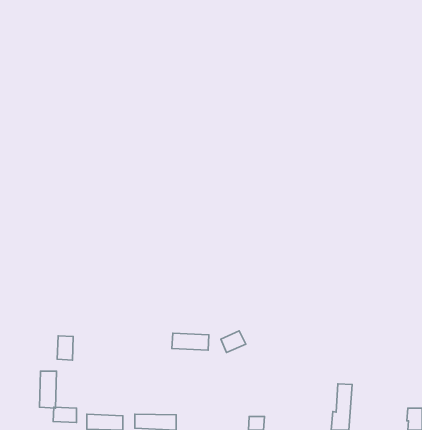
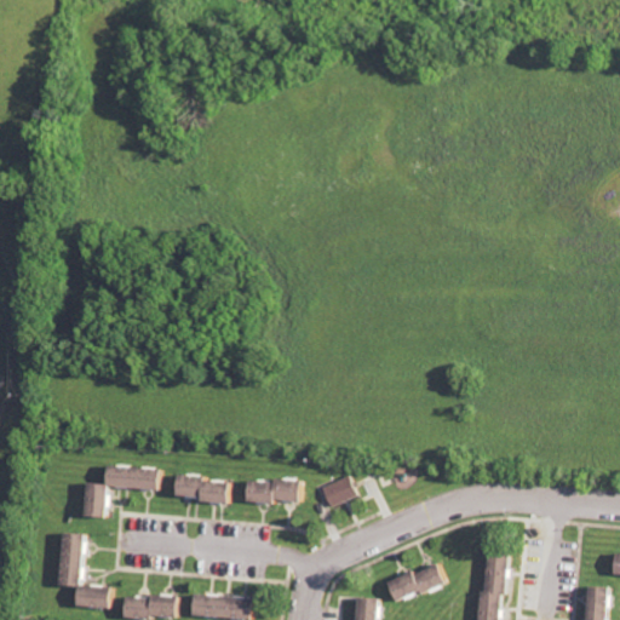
building: none -> [105,466,157,489]
building: none -> [173,477,229,501]
building: none -> [389,564,446,602]

